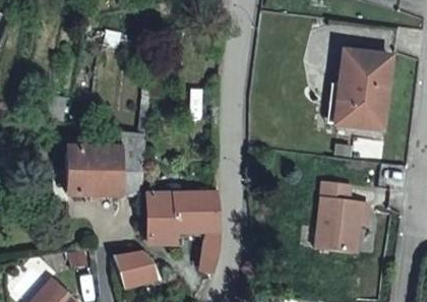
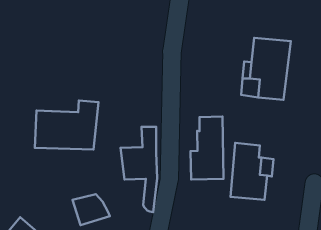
building: none -> [191,116,223,180]
building: [148,191,180,242] -> none

